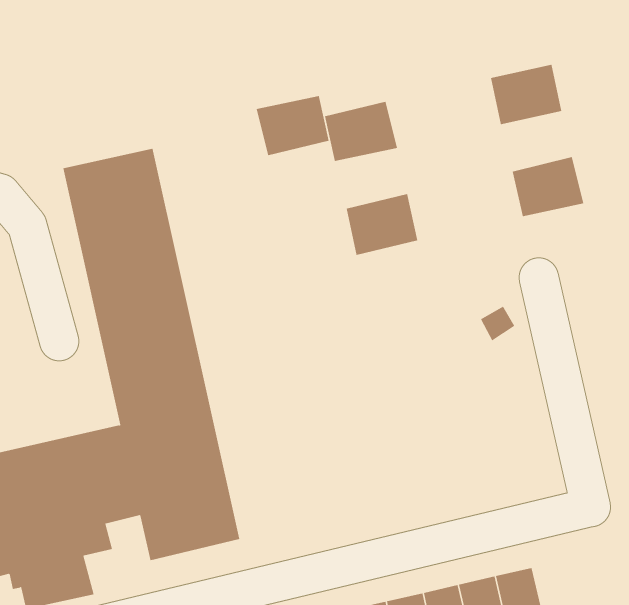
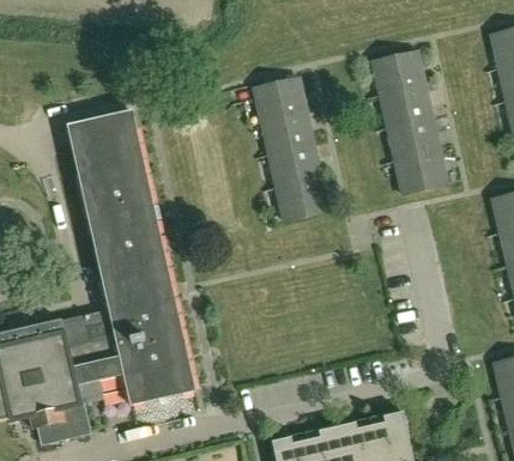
building: [256,95,330,156] -> [261,111,314,154]
building: none -> [380,85,431,128]
building: none -> [395,151,447,194]
building: none -> [277,177,329,220]

